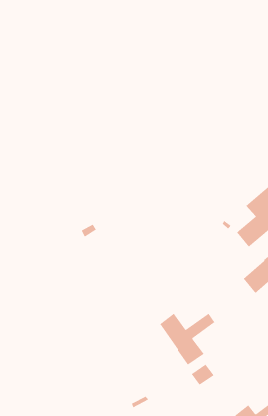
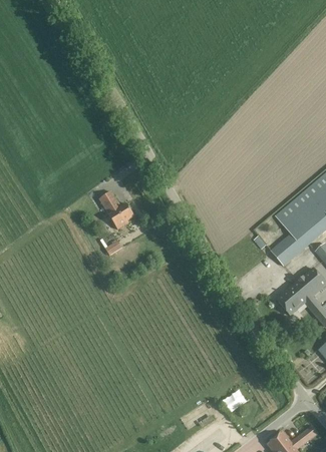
building: none -> [96,192,133,229]
building: [159,313,215,365] -> none

